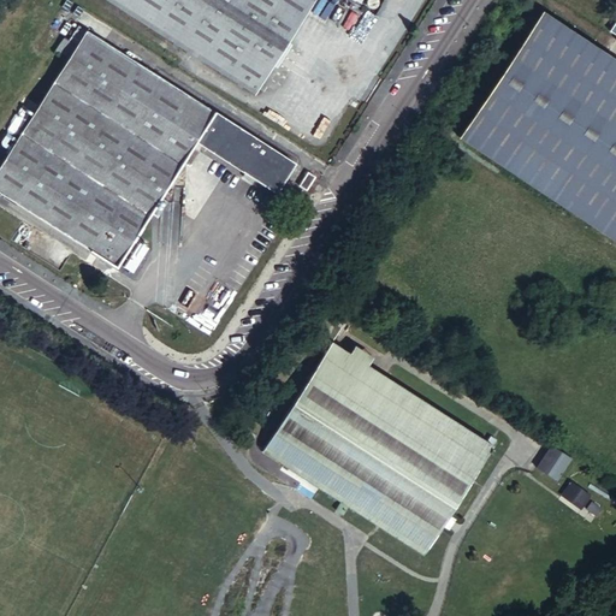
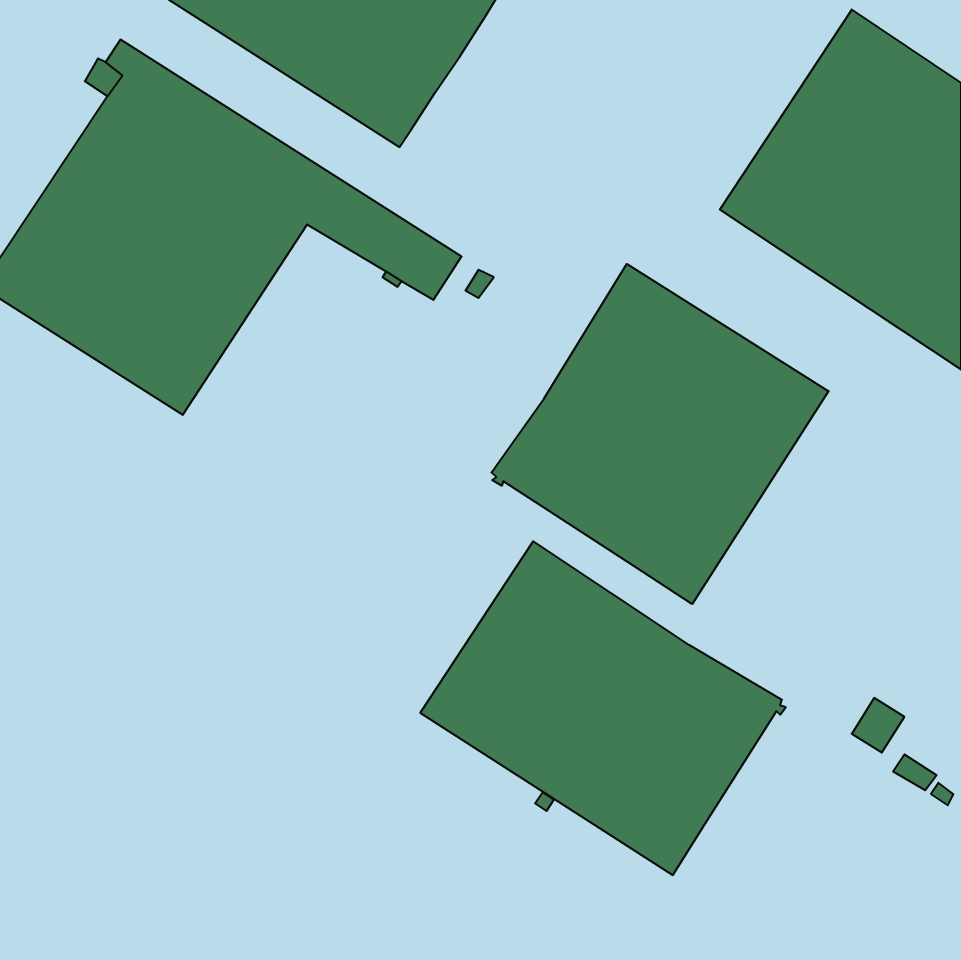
building: none -> [491,264,829,604]

